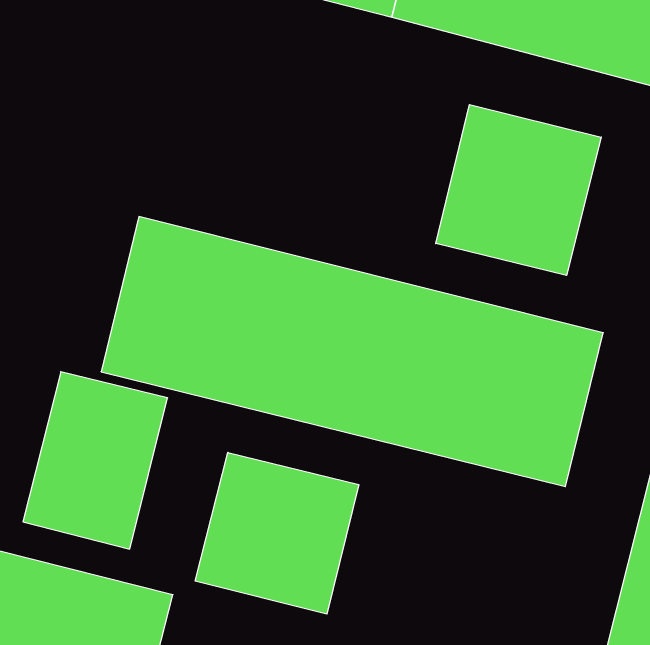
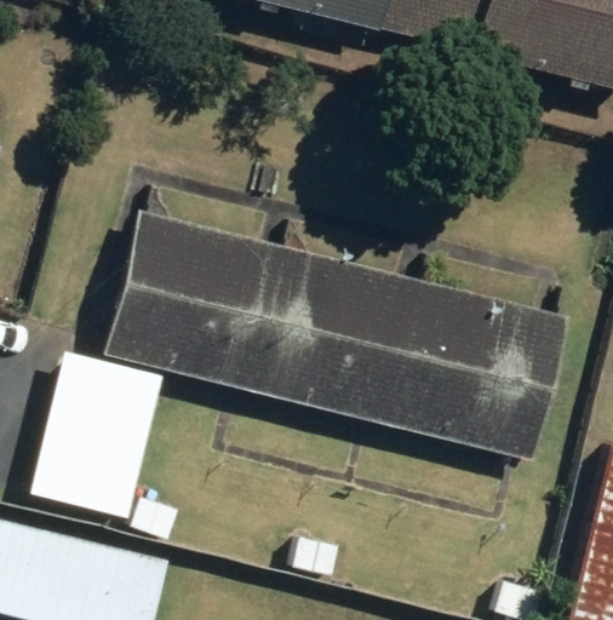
building: [436,105,601,275] -> none
building: [195,452,359,614] -> none

